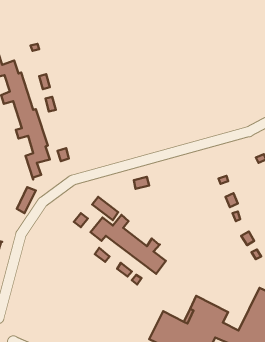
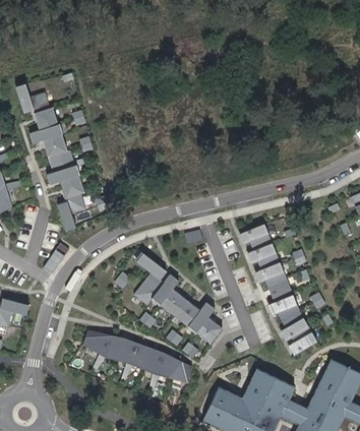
building: none -> [245,223,317,351]
building: none -> [82,329,191,391]

